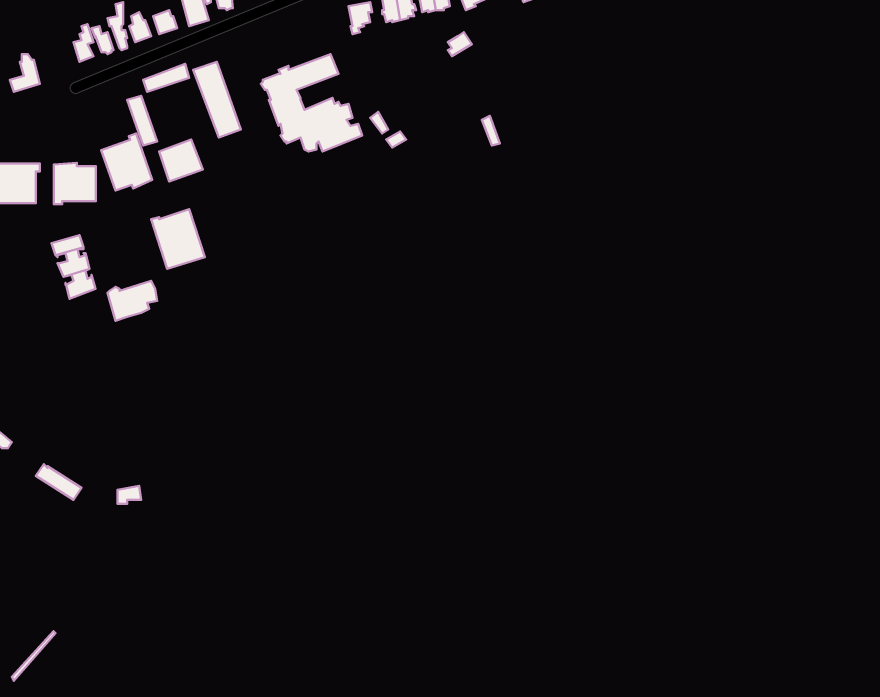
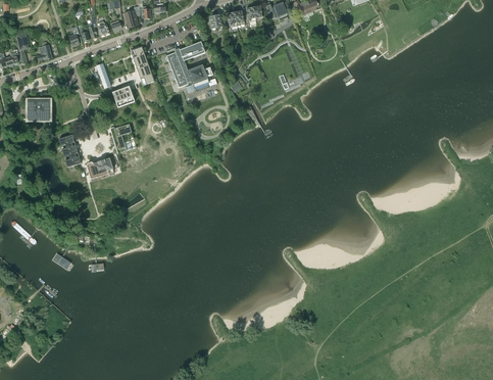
building: [101,134,152,191] -> none
building: [54,163,96,204] -> none

